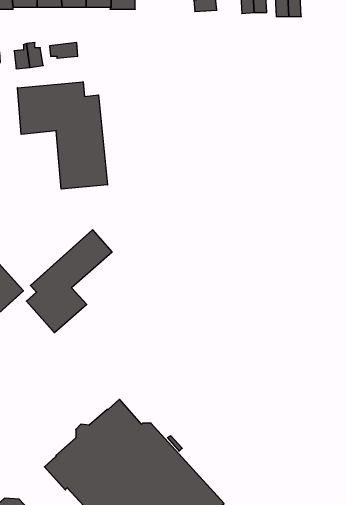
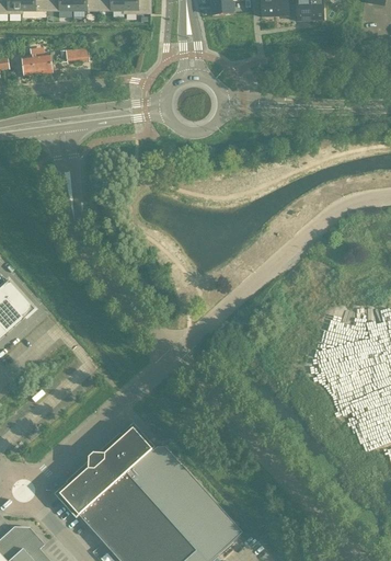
building: [17,82,107,189] -> none
building: [26,230,112,333] -> none

